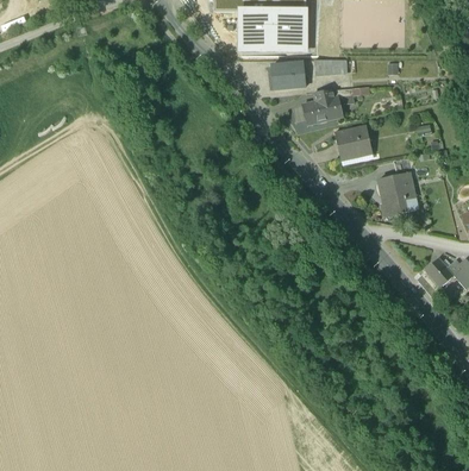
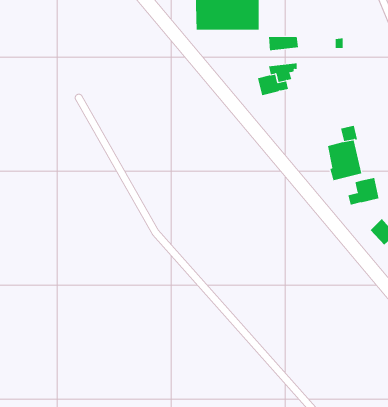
building: [271,63,306,88] -> none
building: [334,125,373,161] -> none
building: none -> [348,177,379,206]

